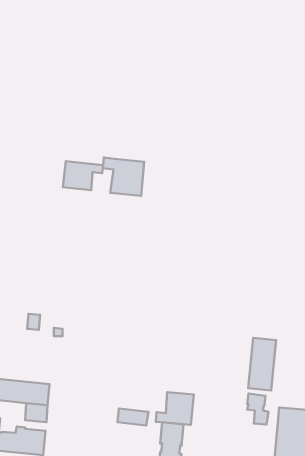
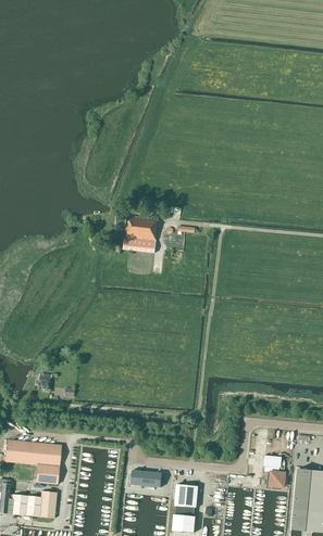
building: [63,161,103,190] -> none
building: [248,338,276,390] -> none
building: [156,392,194,425] -> none

